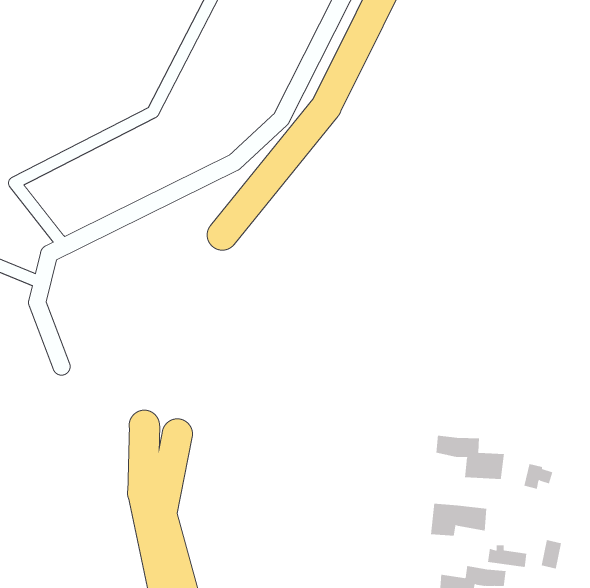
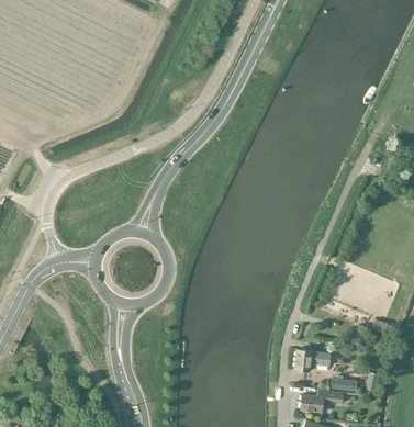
building: [436,435,504,480] -> none

